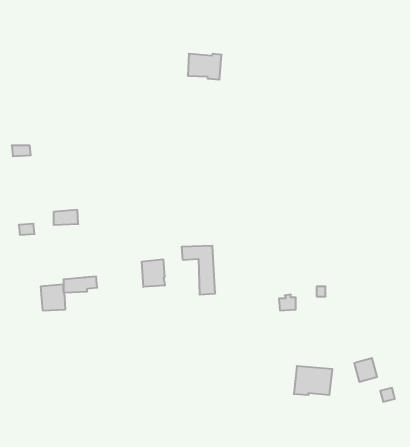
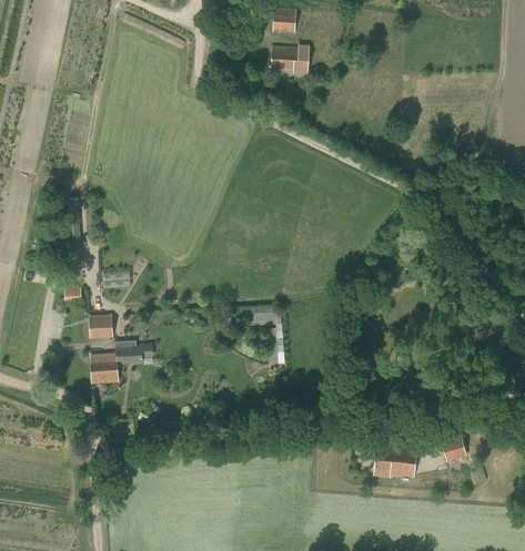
building: [188,54,222,80] -> [271,44,309,73]
building: none -> [89,314,112,338]
building: [142,259,165,287] -> none

